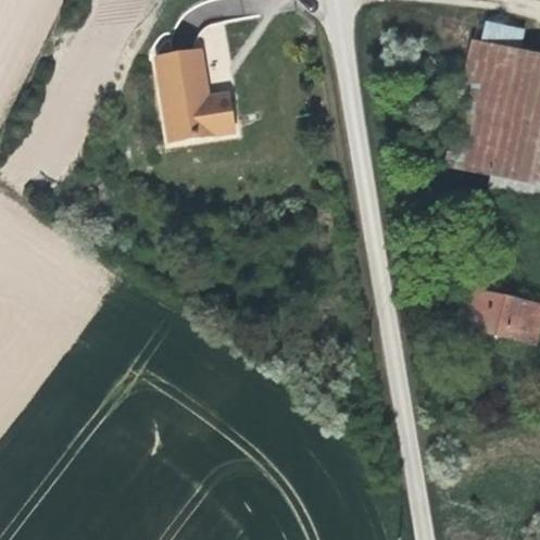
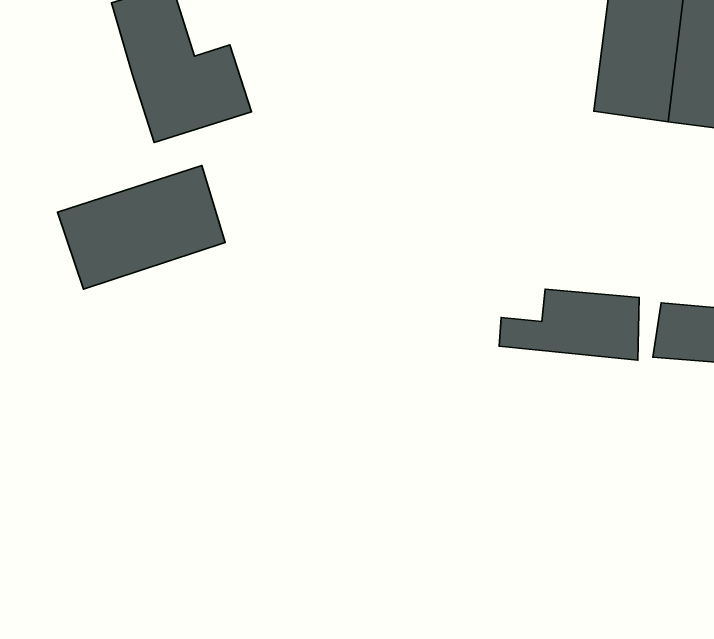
building: none -> [57,166,225,289]
building: none -> [499,289,639,360]

